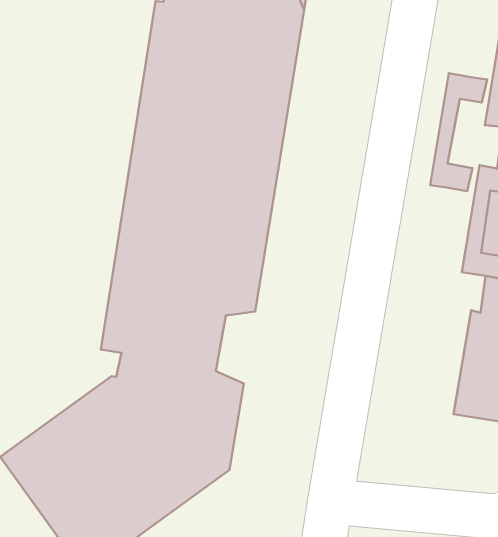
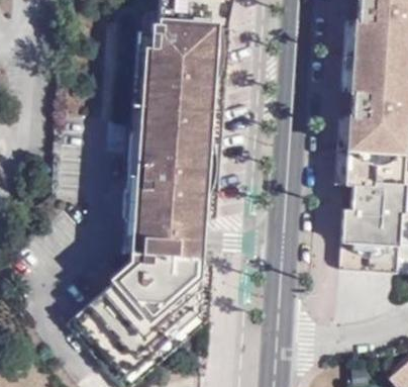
building: [430,73,487,191] -> none

